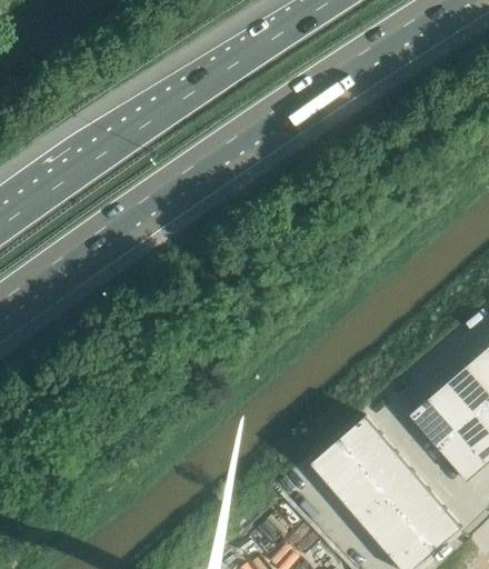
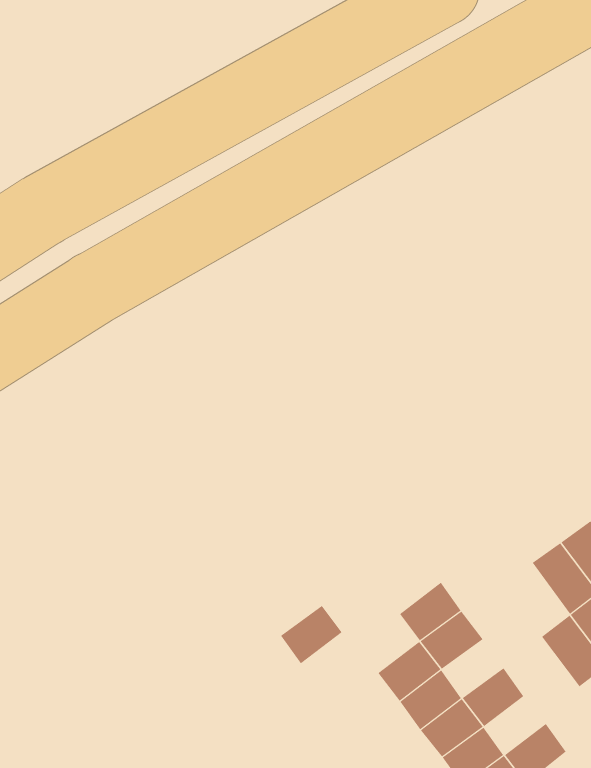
building: [409,398,457,449] -> none
building: [310,440,353,482] -> [280,605,343,664]
building: [370,453,413,496] -> none
building: [402,491,446,533] -> none

